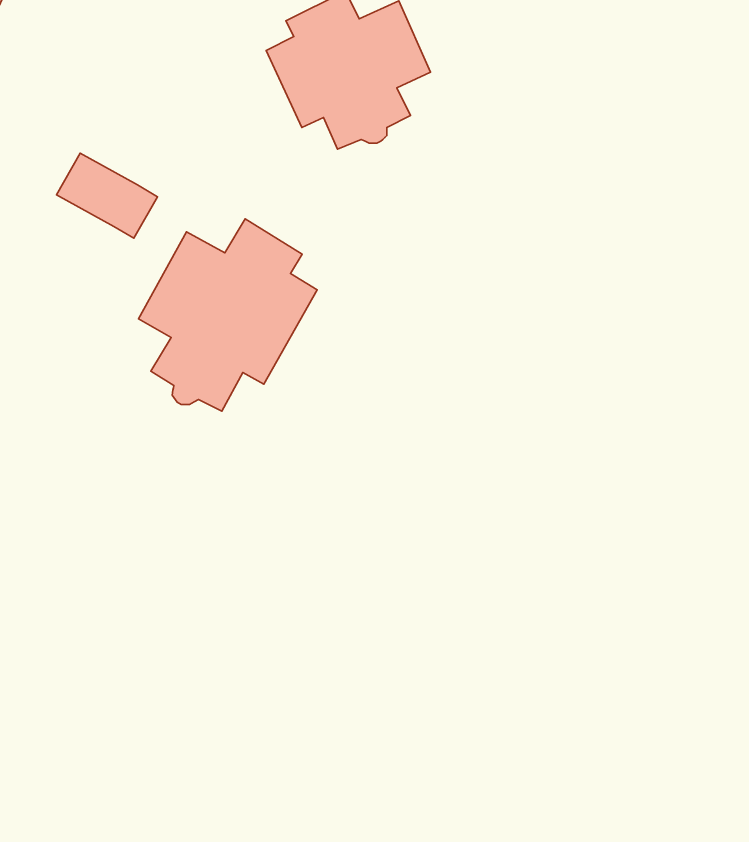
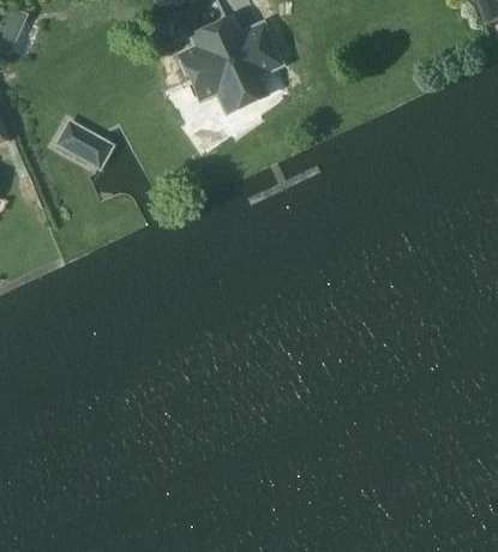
building: [139,219,317,411] -> none

